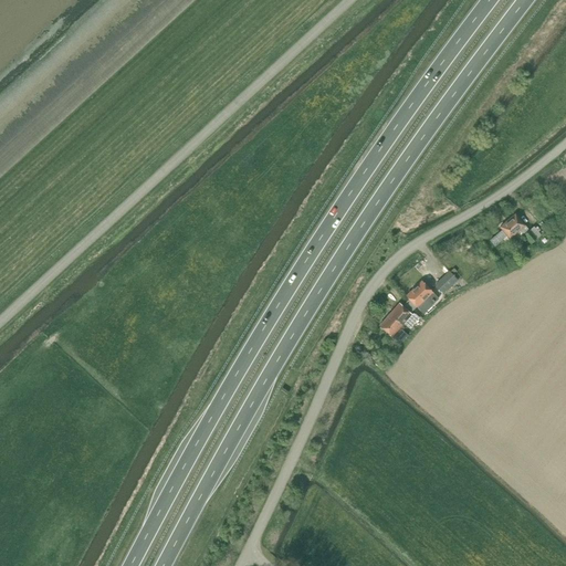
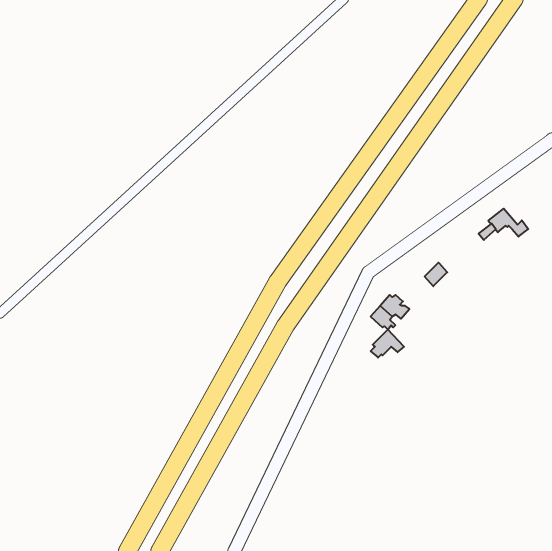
building: [405,280,439,308] -> [371,330,404,358]

